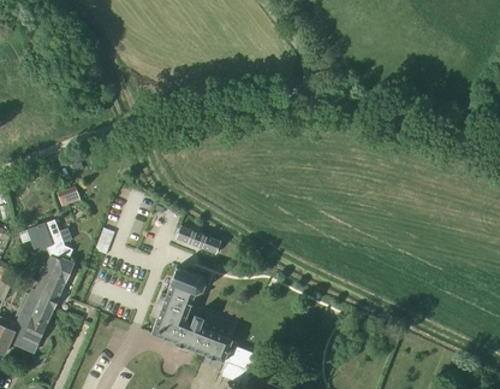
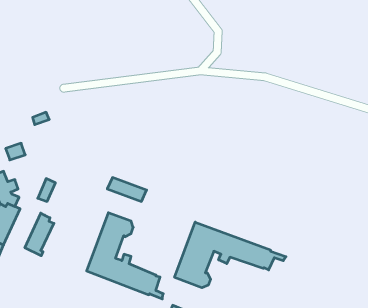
building: none -> [25,213,54,256]
building: none -> [175,222,286,288]

